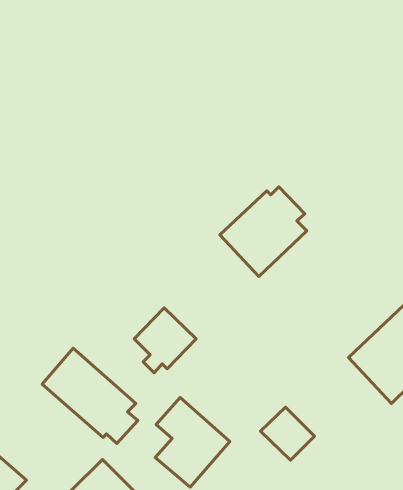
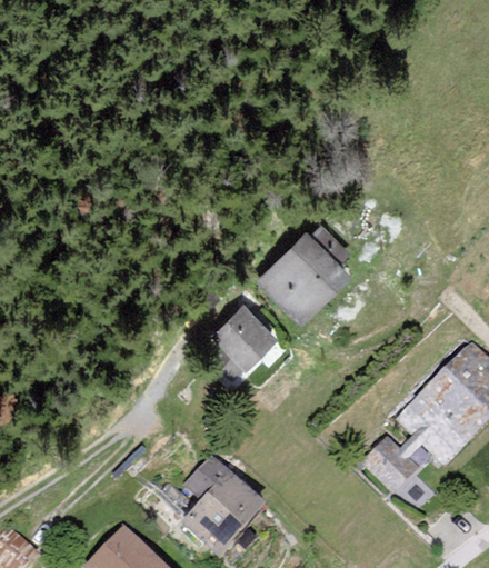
building: [134,308,196,373] -> [209,300,278,372]
building: [42,348,138,444] -> none
building: [261,407,314,460] -> [359,437,419,496]

